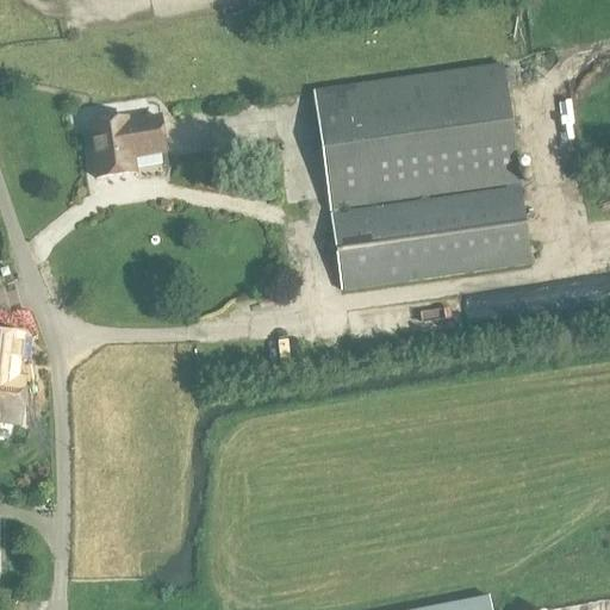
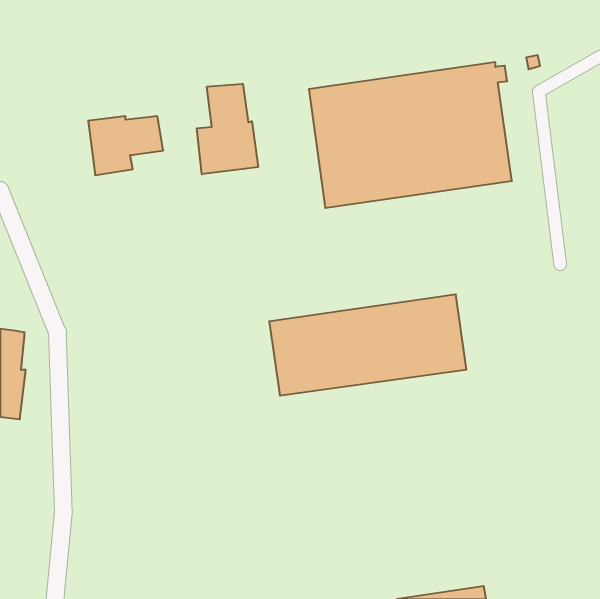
building: none -> [197,84,258,174]
building: [330,186,530,288] -> [269,294,466,395]

